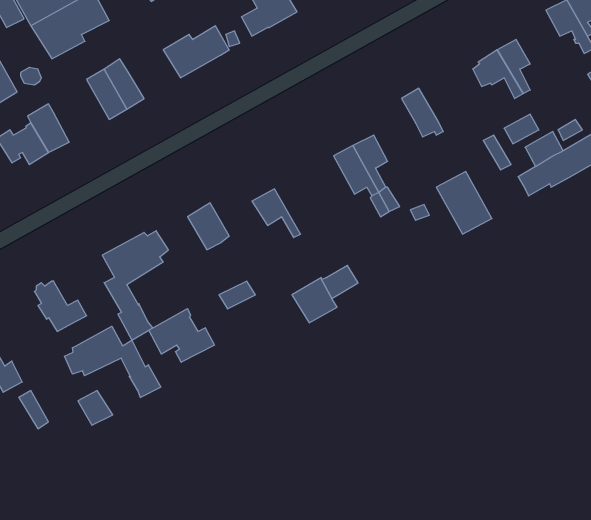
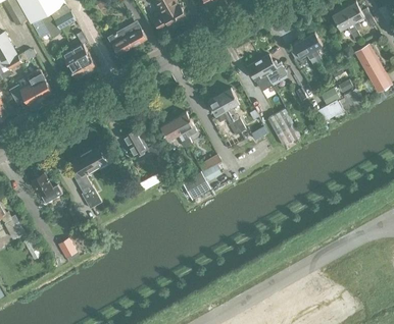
building: none -> [257,54,287,84]
building: none -> [173,112,197,146]
building: [149,309,214,362] -> none
building: [65,326,161,398] -> none

